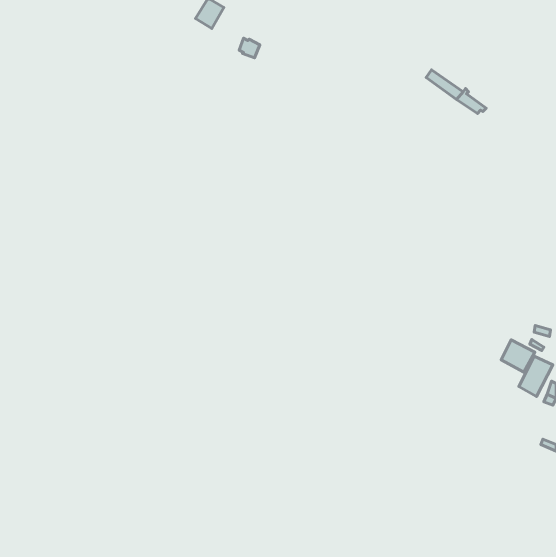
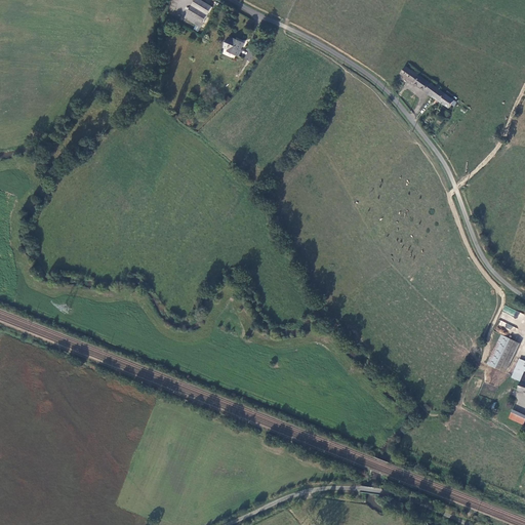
building: [501,340,535,372] -> none

